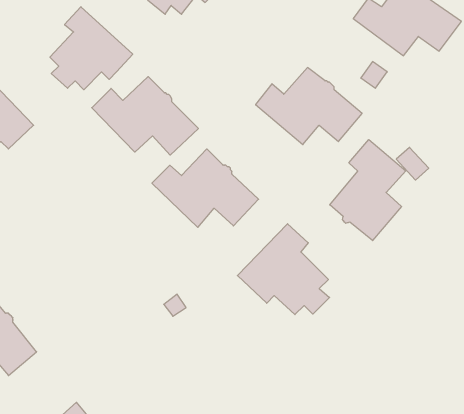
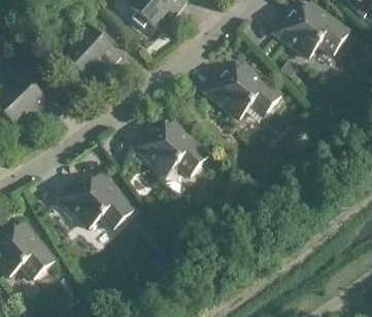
building: [92,77,198,155] -> [58,174,132,228]
building: [330,140,406,241] -> none
building: [237,224,330,315] -> none

